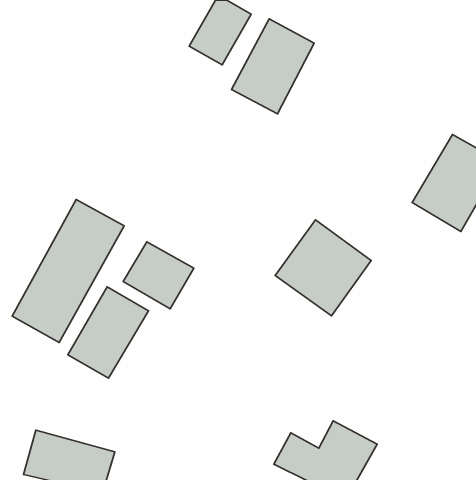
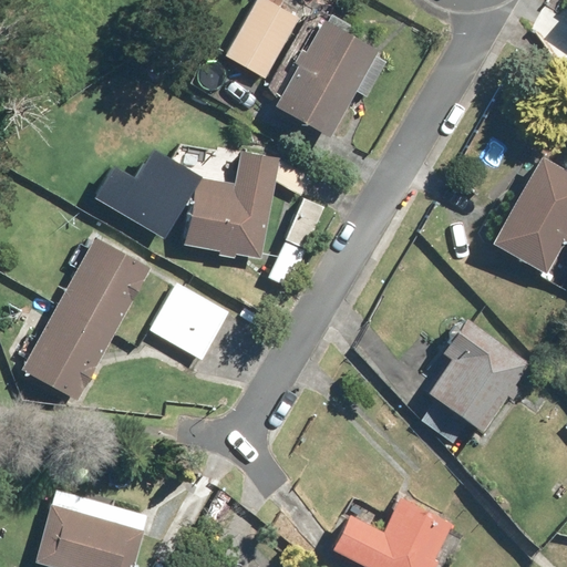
building: none -> [101,147,278,256]
building: [275,220,371,316] -> [416,317,529,430]
building: [68,287,148,378] -> none

